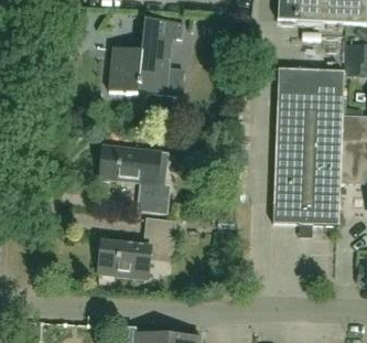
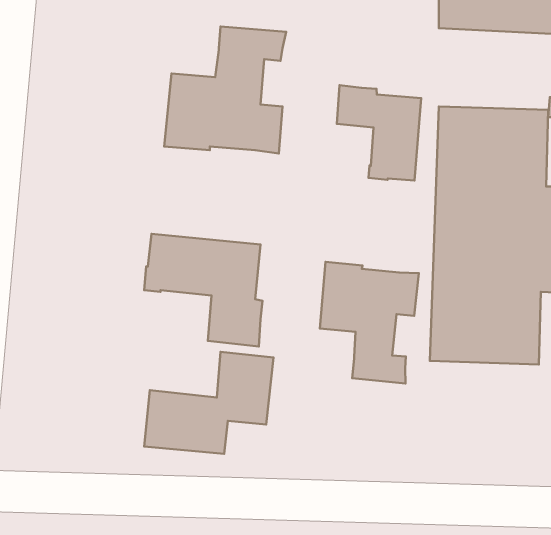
building: none -> [337,85,421,180]
building: none -> [320,262,419,383]

